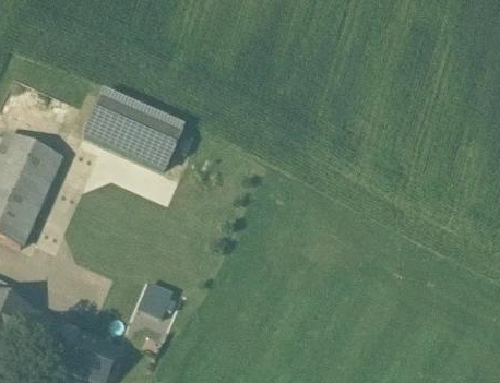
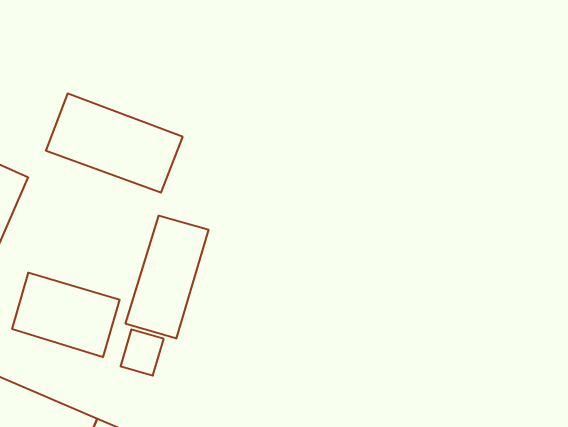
building: none -> [126,216,208,339]
building: none -> [12,273,120,357]

